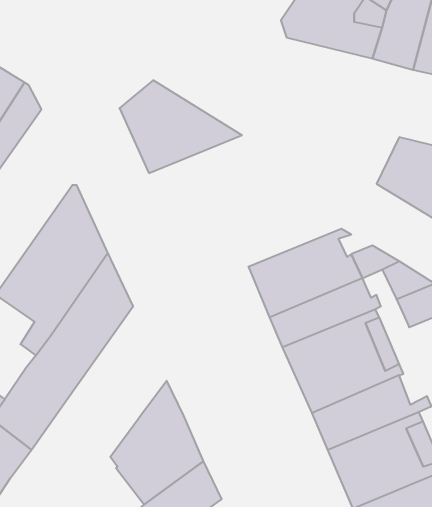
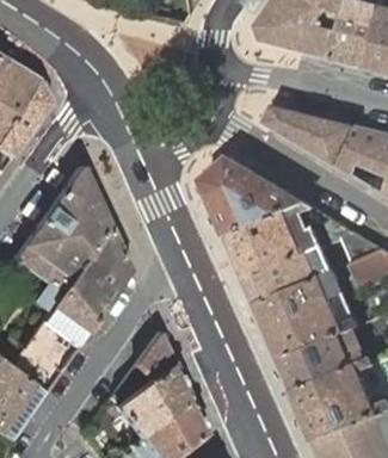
building: [119,80,242,173] -> [199,156,303,235]
building: none -> [263,106,352,165]

